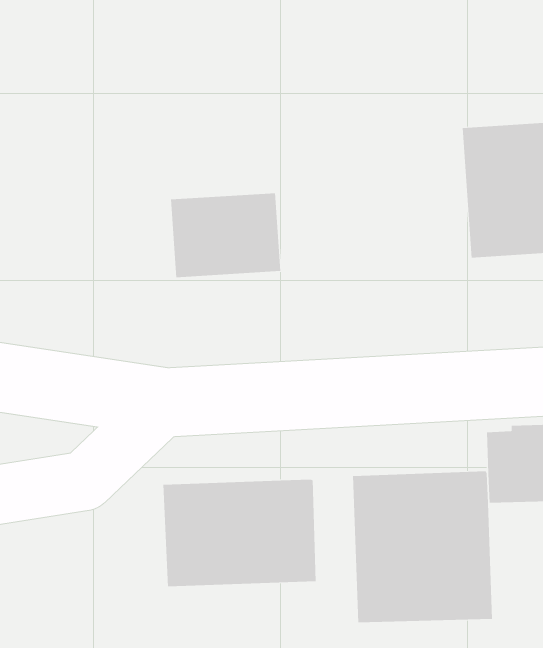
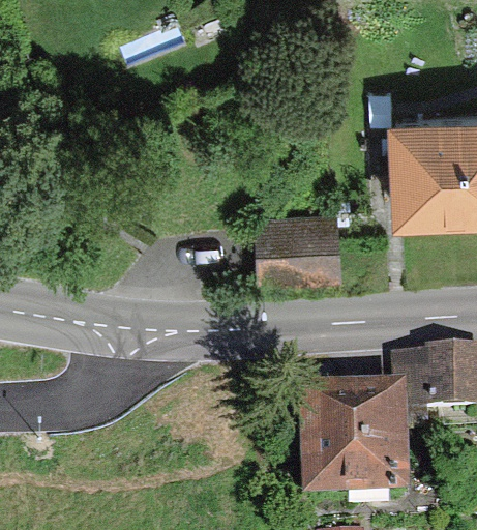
building: [170,193,281,278] -> [254,211,342,279]
building: [163,479,316,587] -> none

